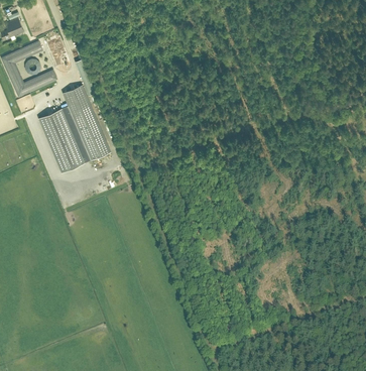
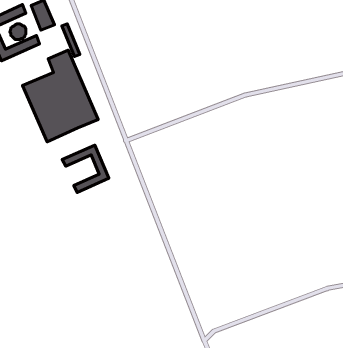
building: none -> [62,145,109,192]

